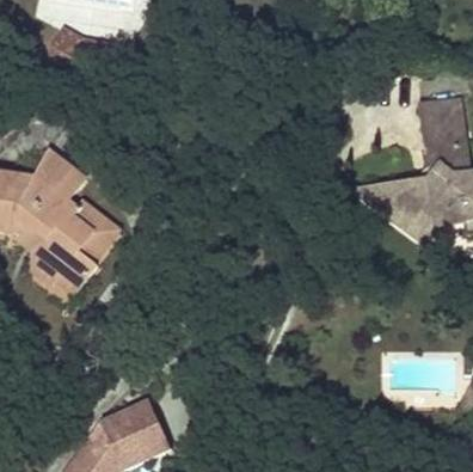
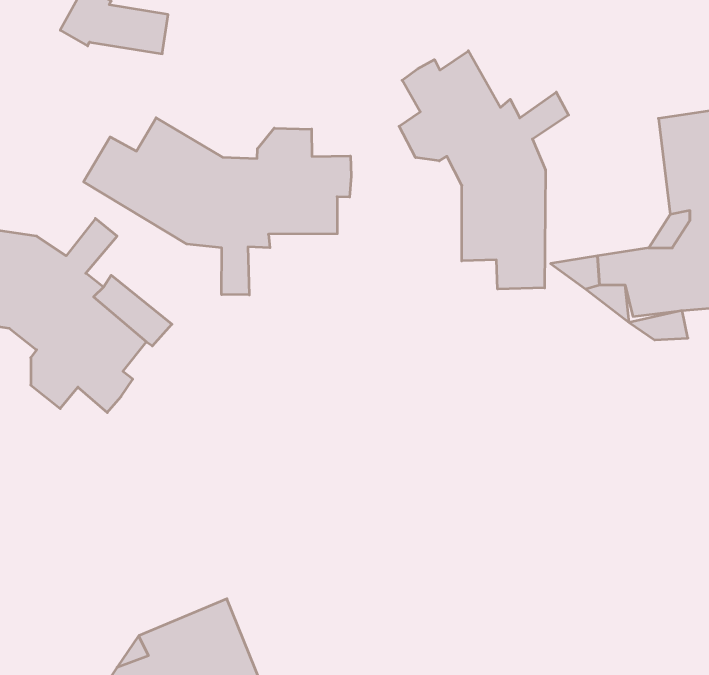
building: none -> [399,51,569,289]
building: none -> [84,118,351,295]

